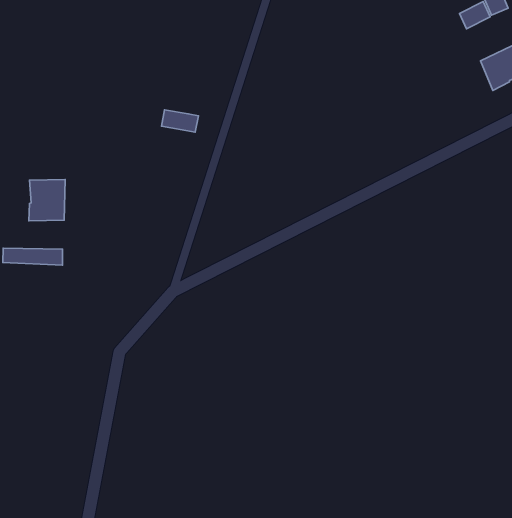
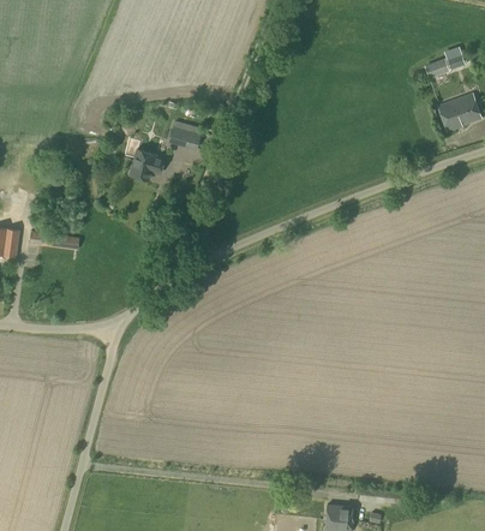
building: none -> [130,148,163,179]
building: [29,179,65,221] -> none

